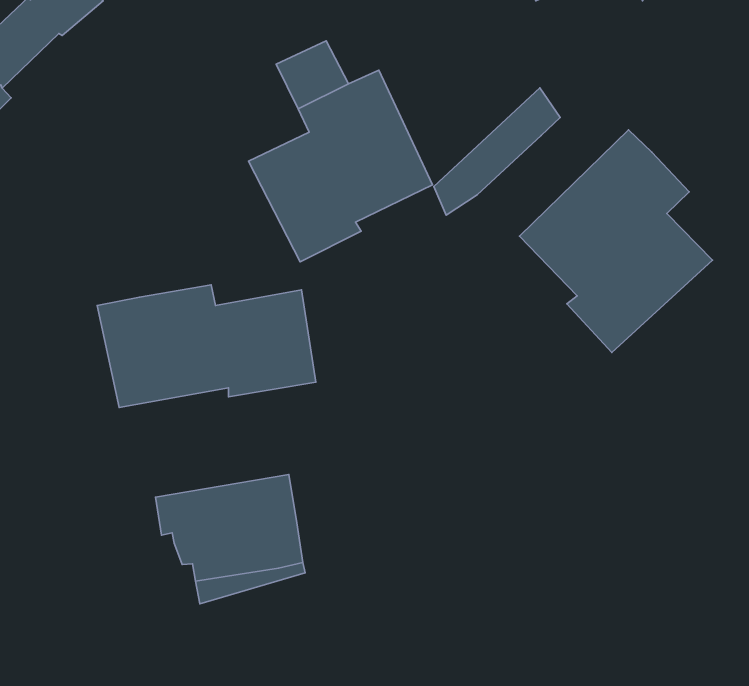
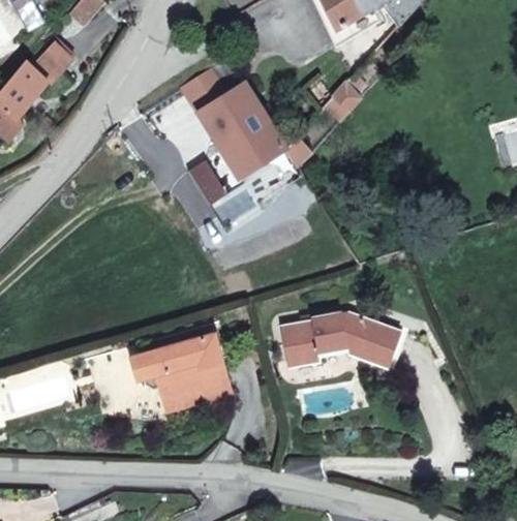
building: [519,130,712,352] -> none
building: [97,285,316,408] -> none
building: none -> [280,311,414,391]

